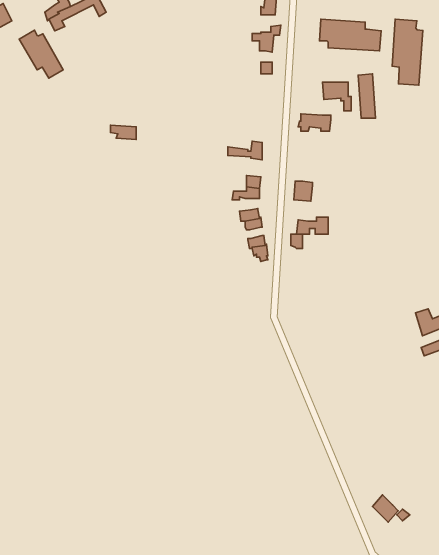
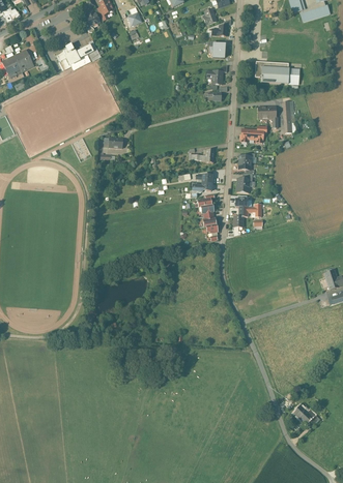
building: [392,19,423,85] -> none
building: [19,30,63,78] -> none

